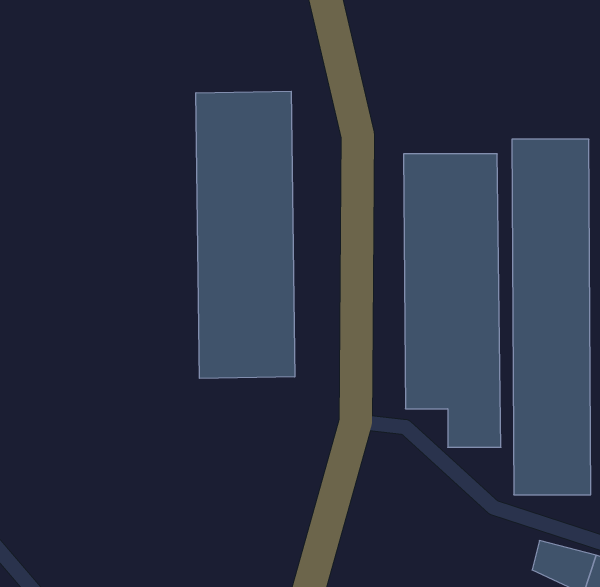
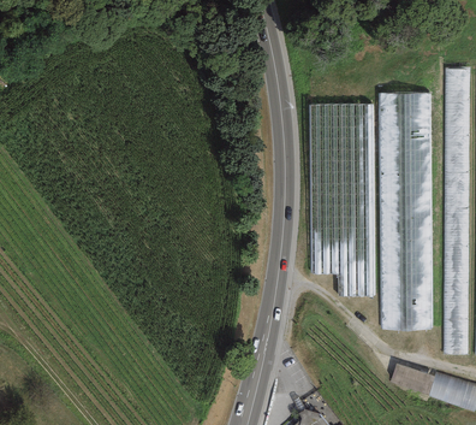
building: [196,91,295,378] -> none

